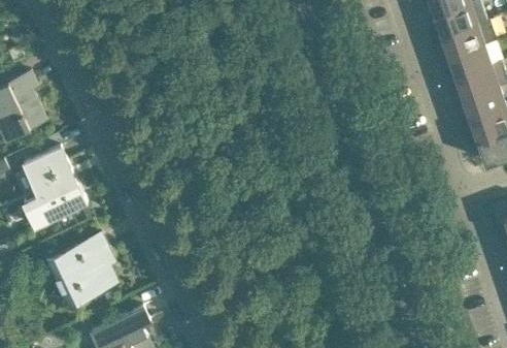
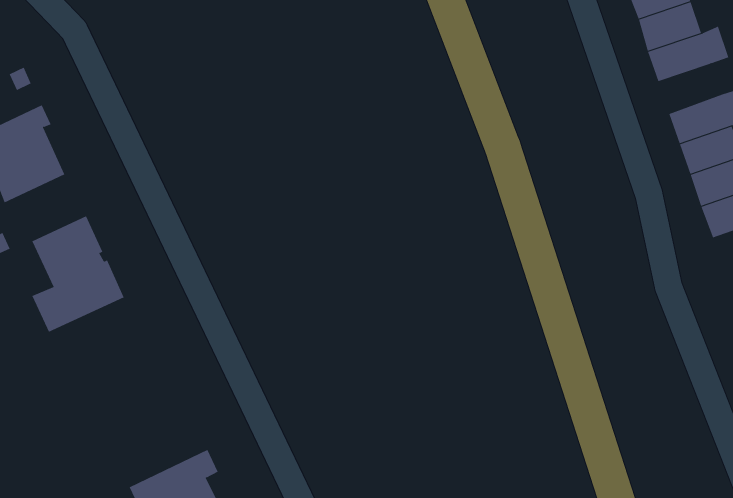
building: [447,44,491,78] -> none
building: [45,234,116,305] -> none

